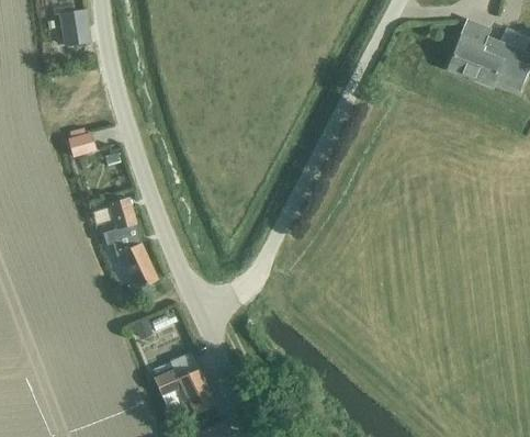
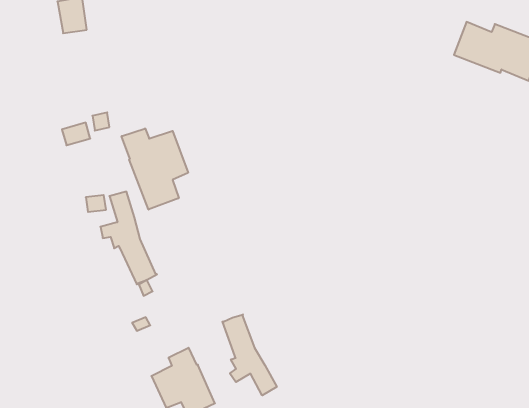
building: none -> [122,128,188,210]
building: none -> [222,314,277,395]

